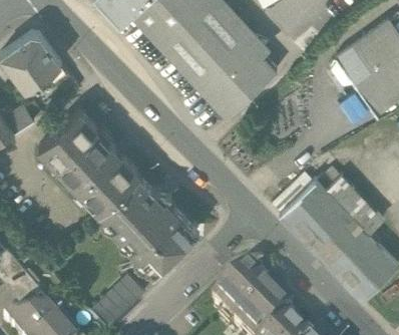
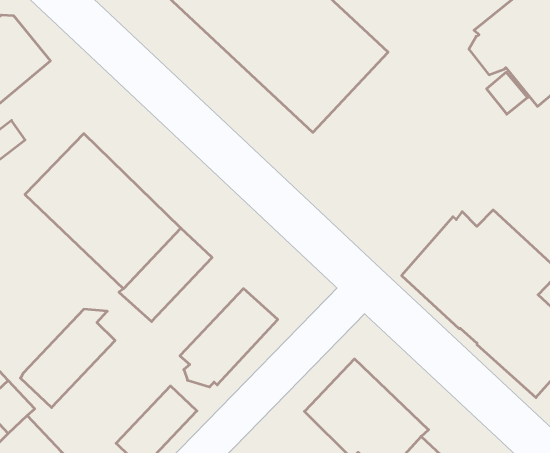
building: [117,195,179,257] -> [20,309,115,408]

